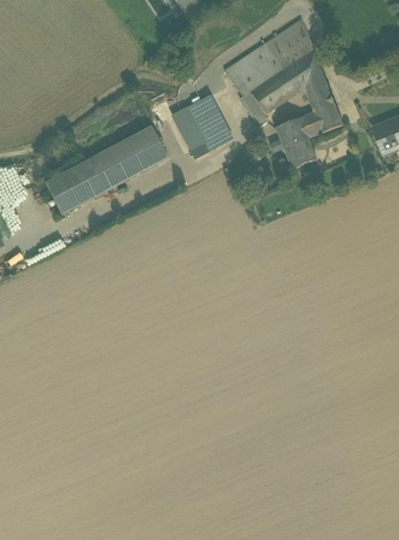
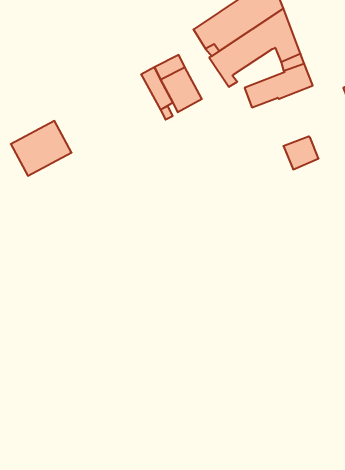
building: [87,125,168,190] -> none
building: [282,136,317,169] -> [283,136,319,169]

